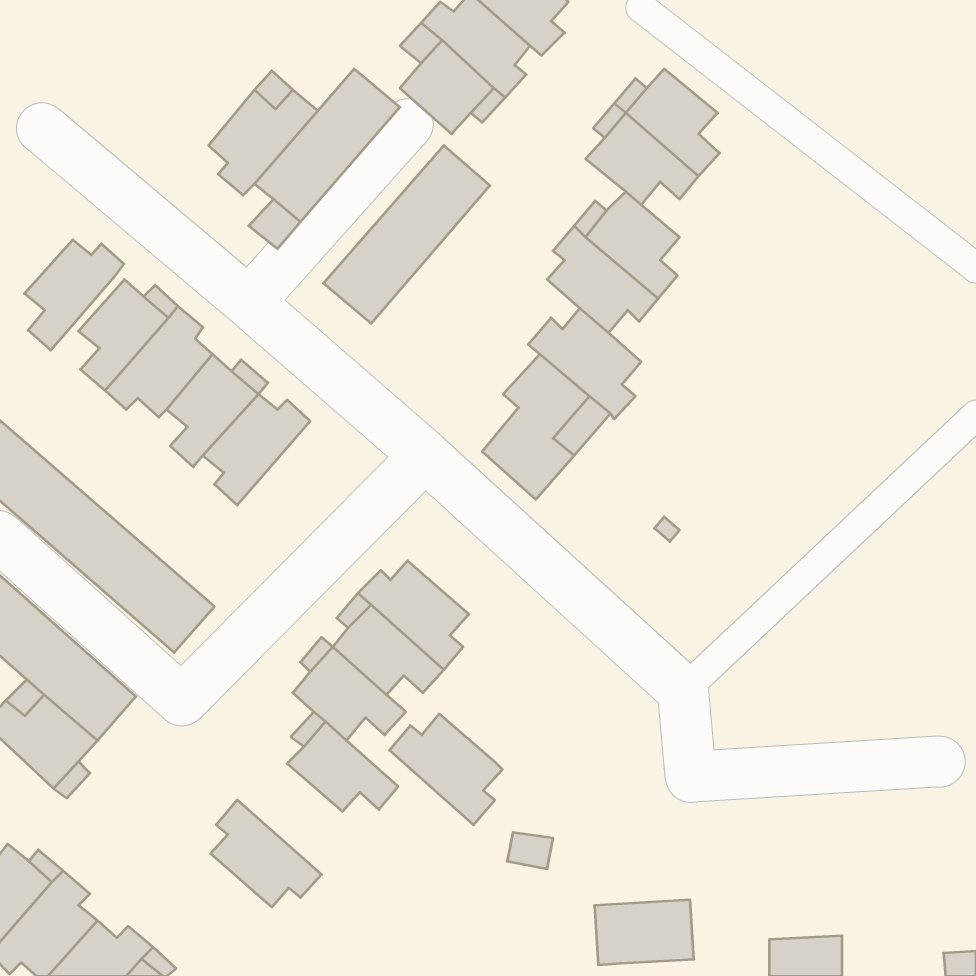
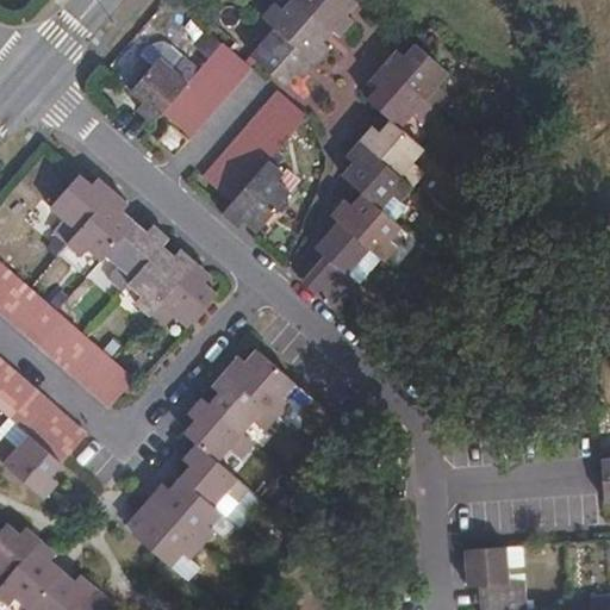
building: [24,240,124,350] -> none
building: none -> [220,160,288,230]
building: none -> [148,262,213,326]
building: [389,714,502,825] -> [148,475,218,544]
building: [594,900,694,965] -> [462,546,524,586]

